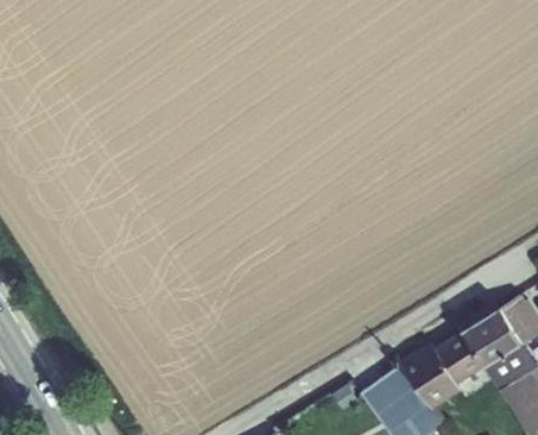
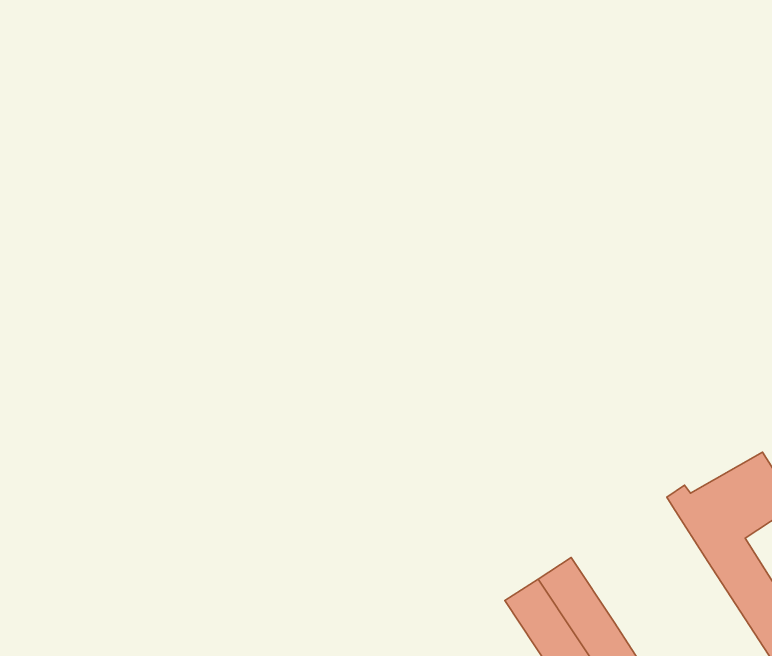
building: [403,332,486,402] -> none

